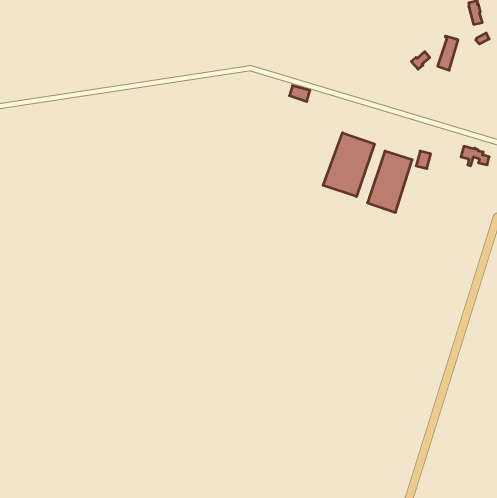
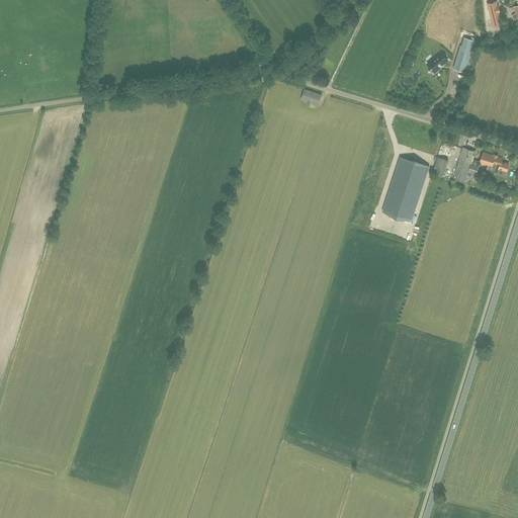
building: [323,133,374,197] -> none
building: none -> [452,147,478,181]

